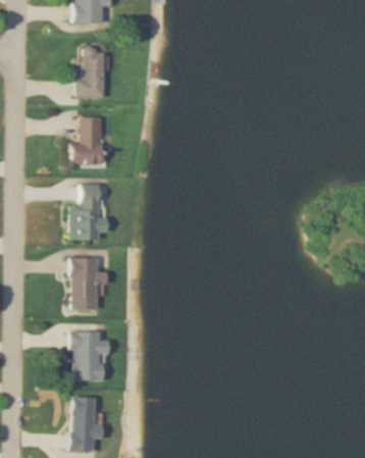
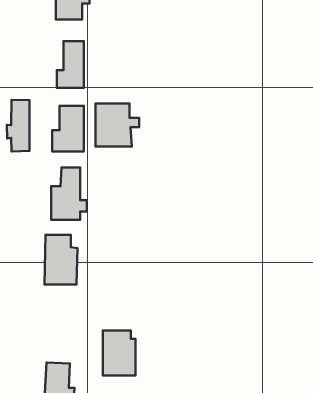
building: none -> [7,100,29,151]
building: none -> [96,103,139,147]
building: [66,330,102,379] -> [103,330,136,375]

